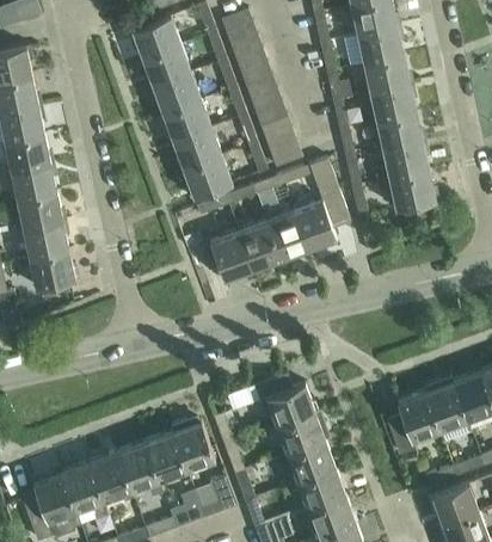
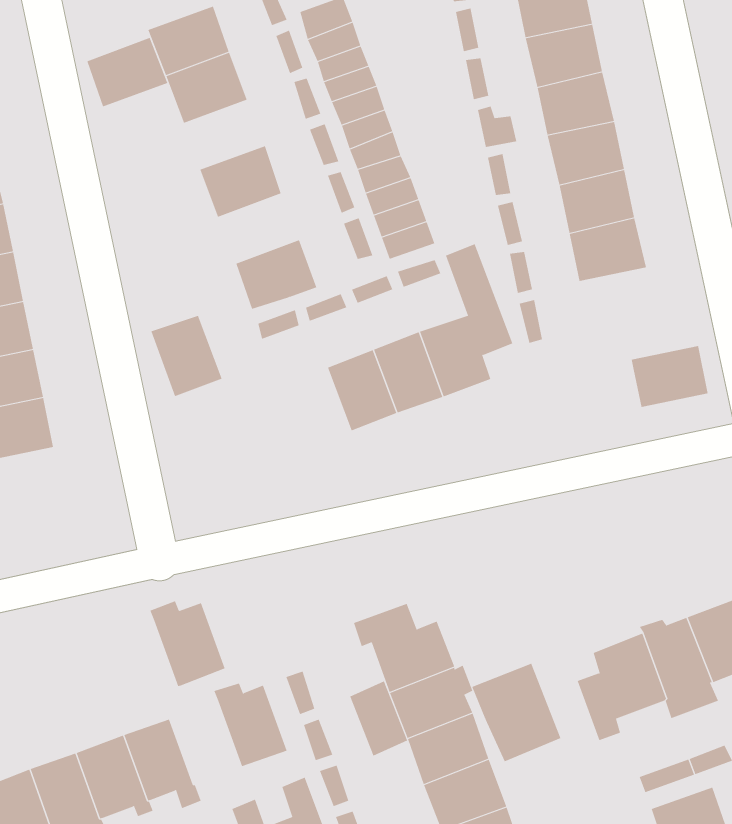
building: [152,72,201,113] -> [86,37,168,107]
building: [172,128,221,170] -> none
building: [388,172,435,209] -> [631,345,709,407]
building: [209,232,252,281] -> [150,315,222,397]
building: none -> [471,663,561,762]
building: none -> [349,681,408,757]
building: [141,430,186,481] -> [150,601,226,686]

